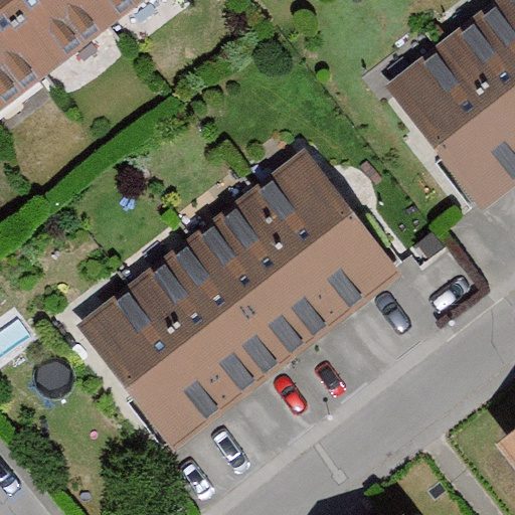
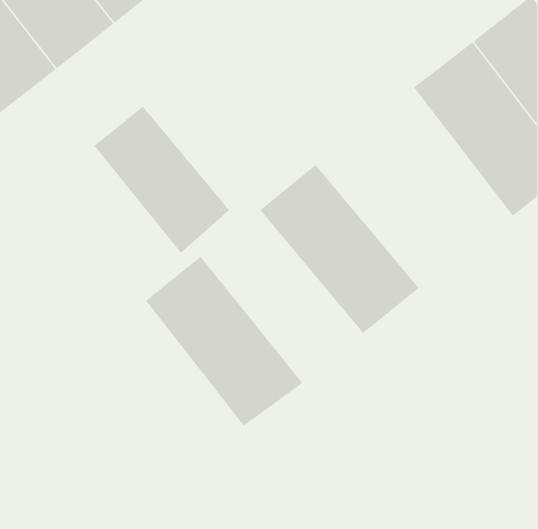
building: none -> [94,106,230,253]
building: [189,198,342,361] -> none
building: [82,284,229,445] -> none

